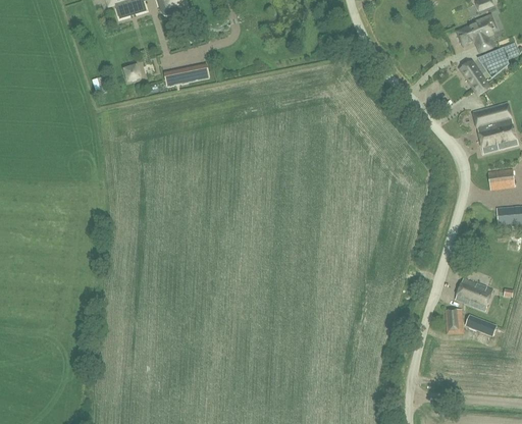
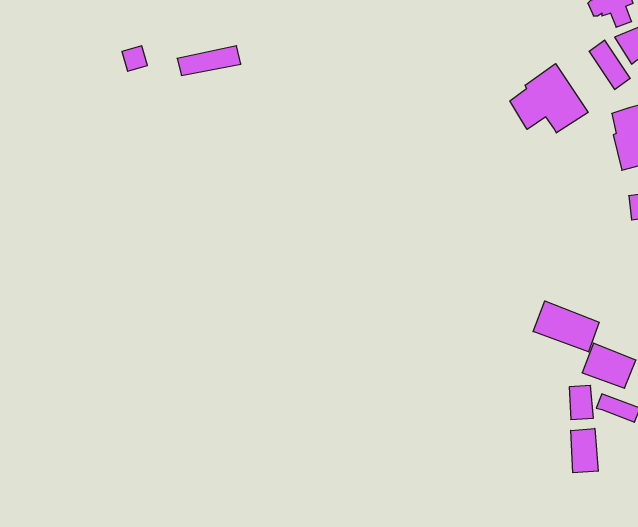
building: none -> [510,64,588,133]
building: none -> [533,301,599,352]
building: none -> [571,428,598,473]

